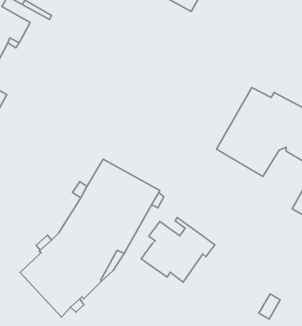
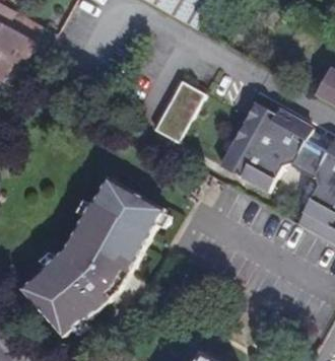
building: none -> [154,82,205,143]
building: [141,217,215,282] -> none

